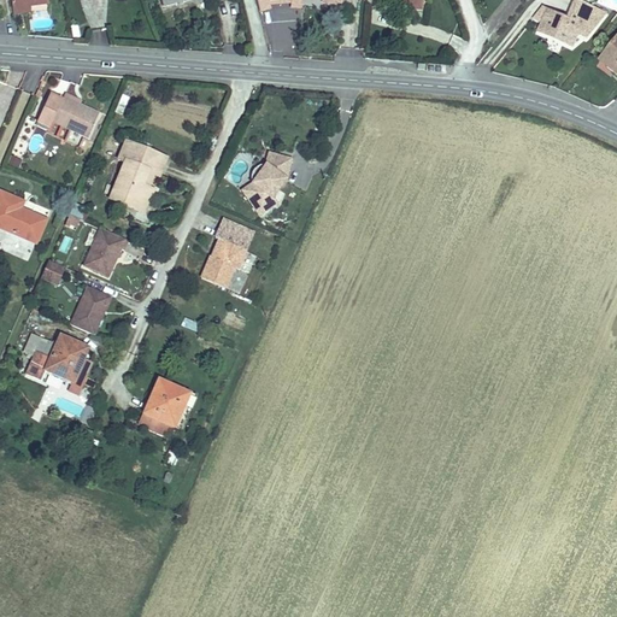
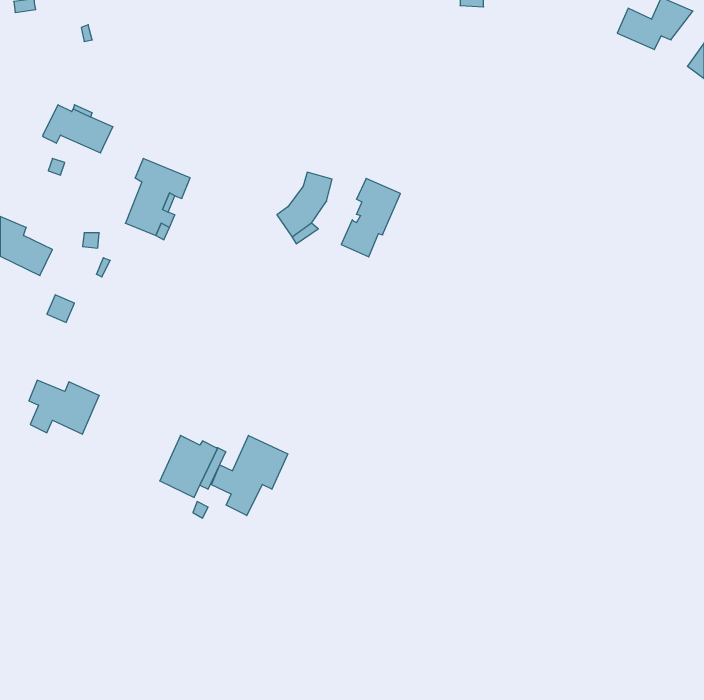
building: [201,217,253,286] -> [341,178,400,257]
building: [84,225,128,274] -> none
building: [71,286,110,333] -> none
building: none -> [212,435,288,516]

